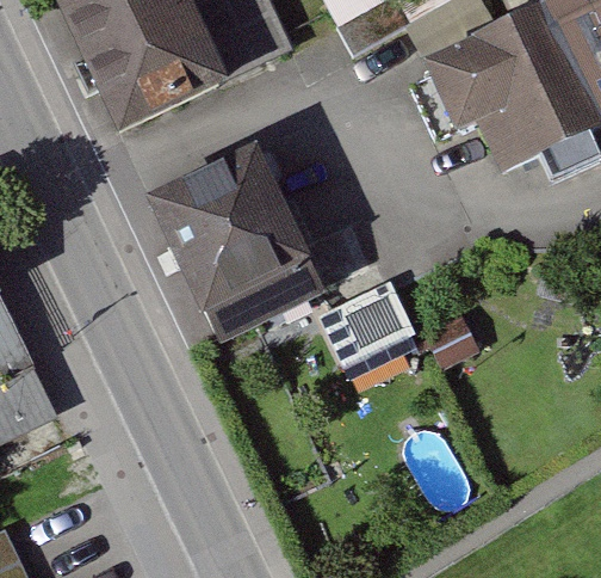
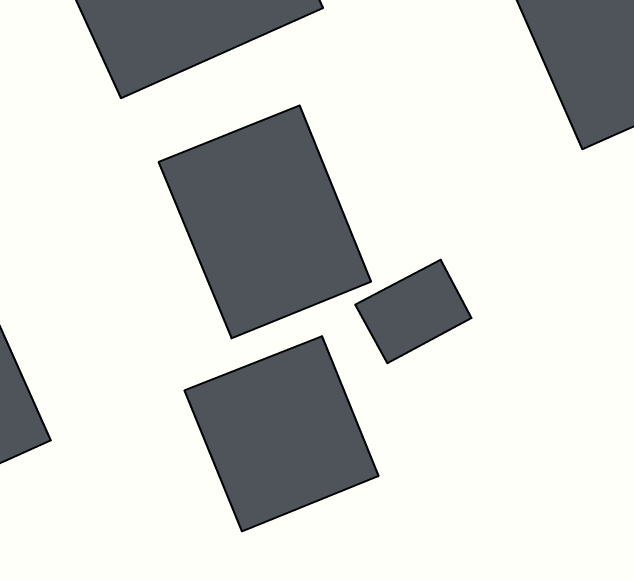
building: none -> [185,336,378,531]

